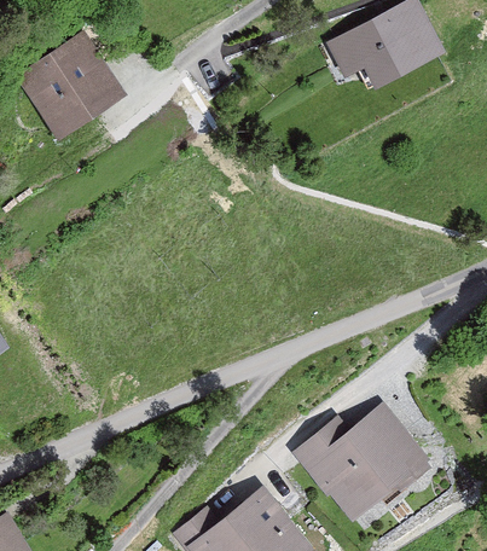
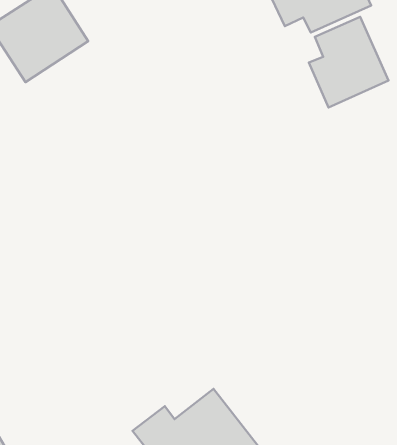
building: none -> [309,17,388,107]
building: [296,407,428,524] -> none

